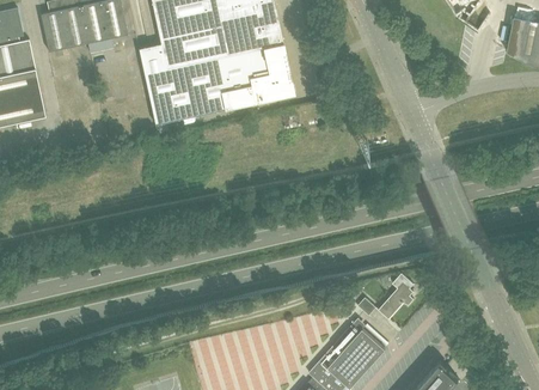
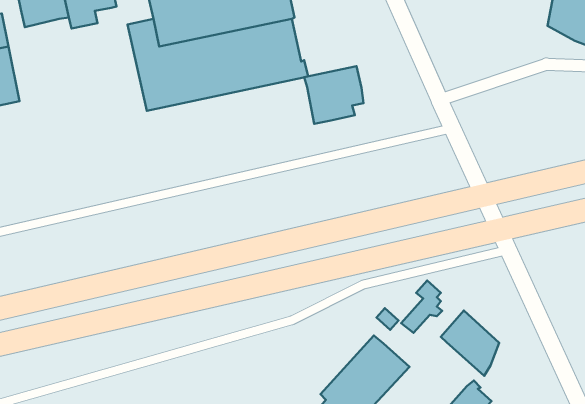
building: none -> [304,66,364,124]
building: none -> [441,311,499,376]

